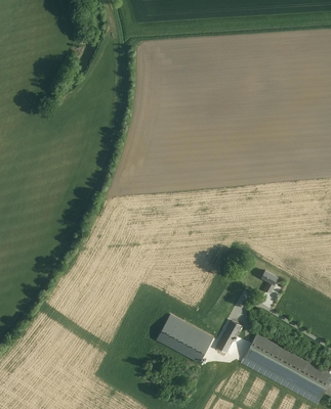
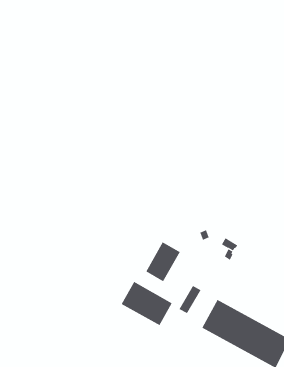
building: none -> [145,242,180,282]

